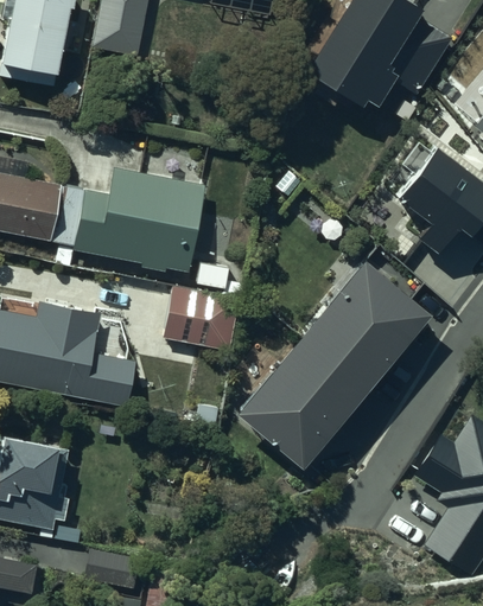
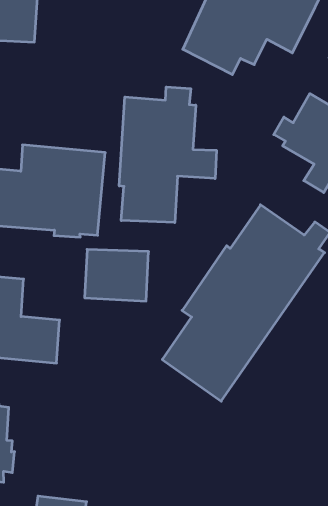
building: none -> [119,87,216,223]

